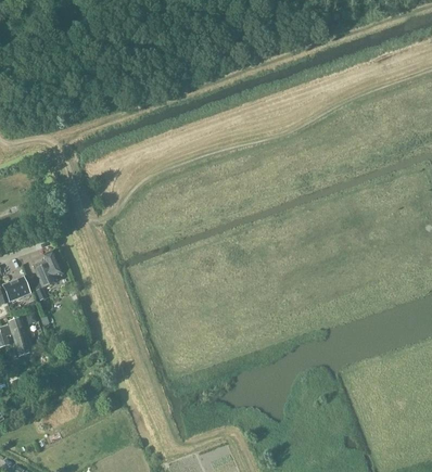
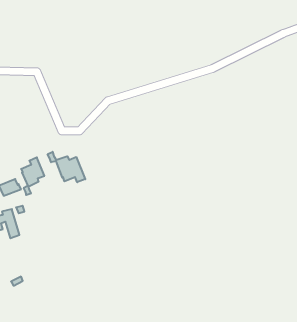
building: none -> [48,152,85,182]

